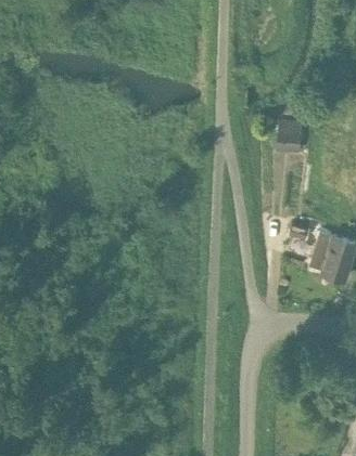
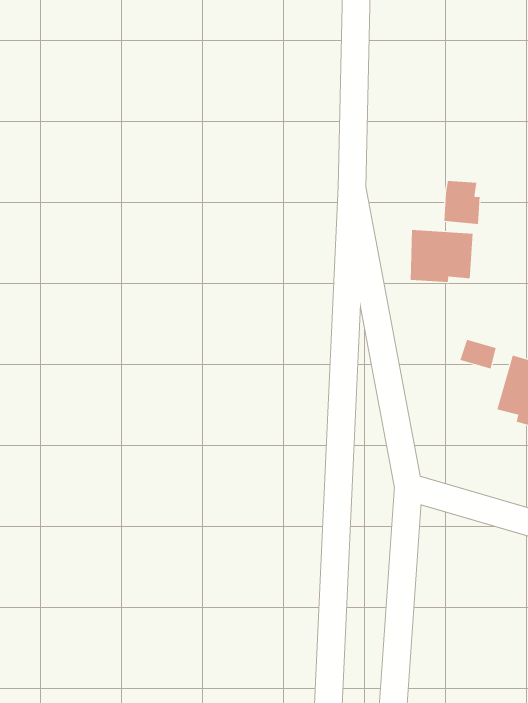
building: none -> [410,229,473,283]

